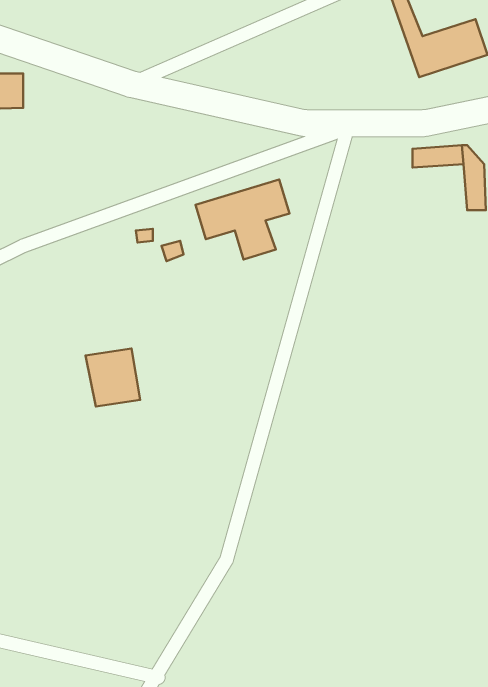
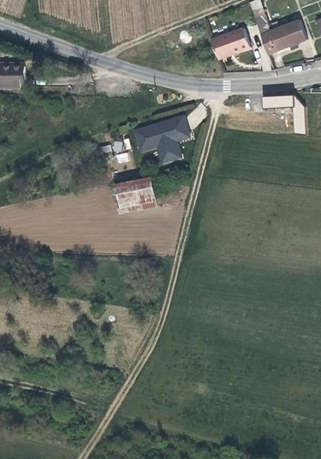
building: none -> [210,26,255,58]
building: [85,349,140,407] -> [113,179,145,213]

